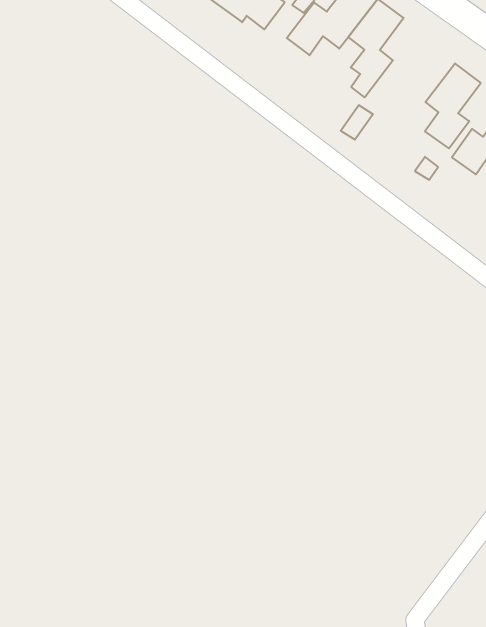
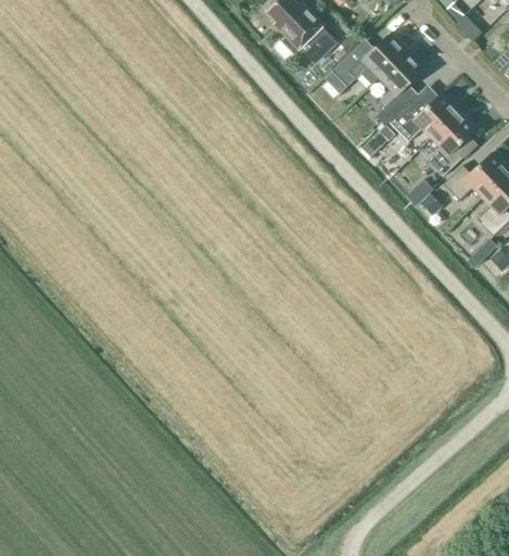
building: none -> [393,92,459,141]

